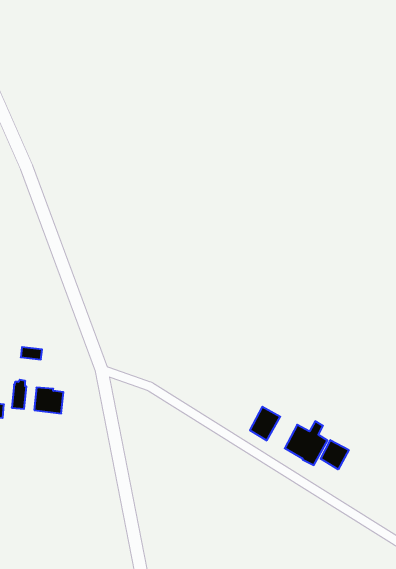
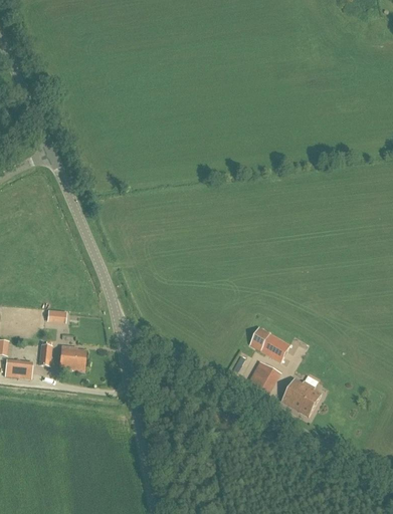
building: none -> [249,326,289,362]
building: [321,440,349,469] -> none

